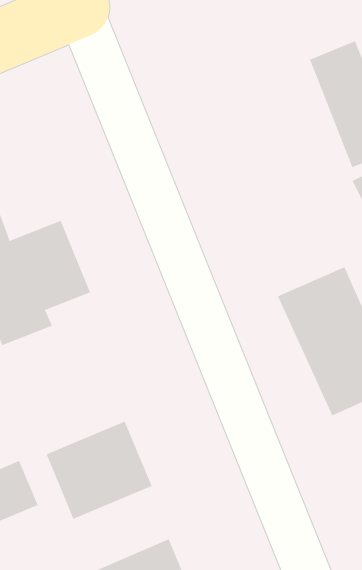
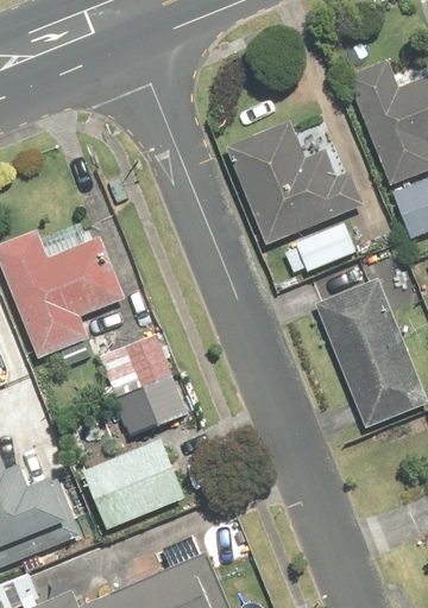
building: none -> [225,112,361,270]
building: none -> [93,327,184,430]

